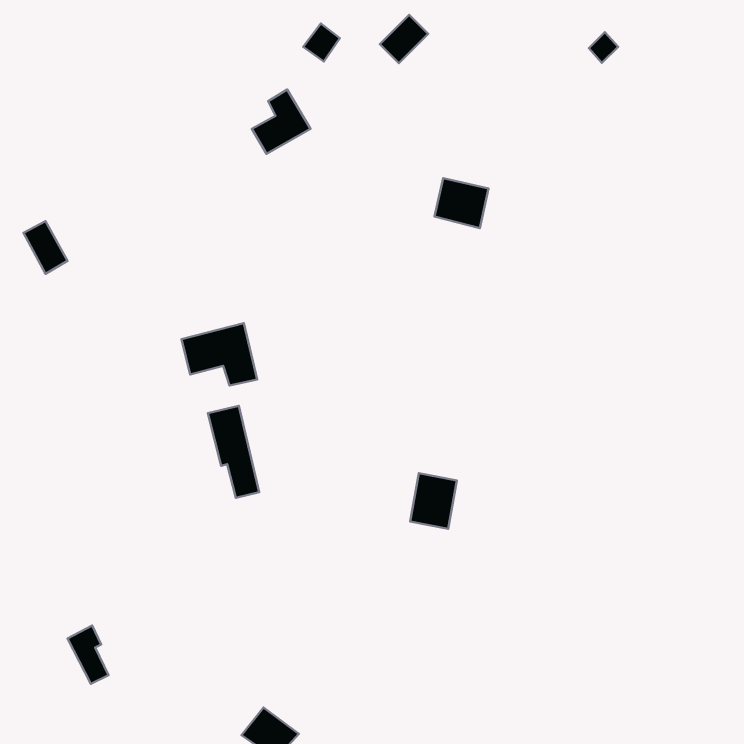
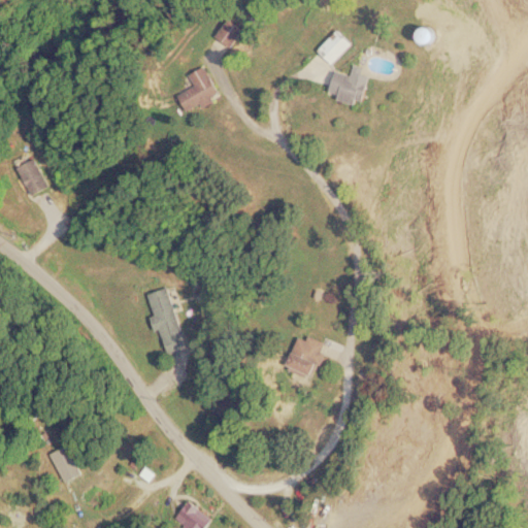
building: [380,15,428,63] -> [316,30,350,64]
building: [434,178,489,228] -> [329,69,367,104]
building: [182,323,257,385] -> none

